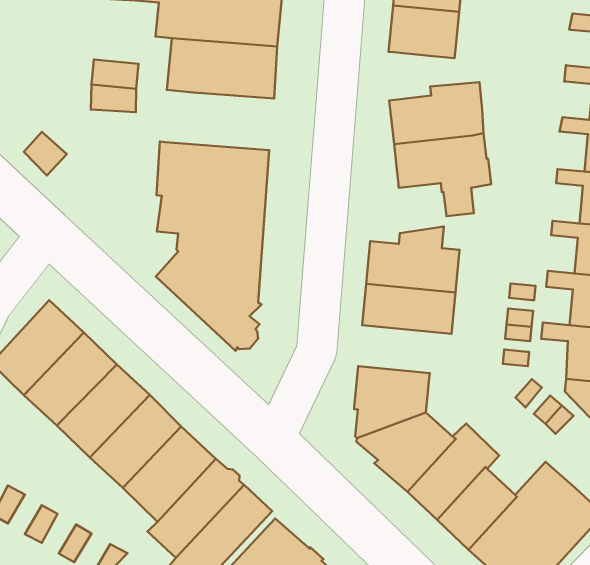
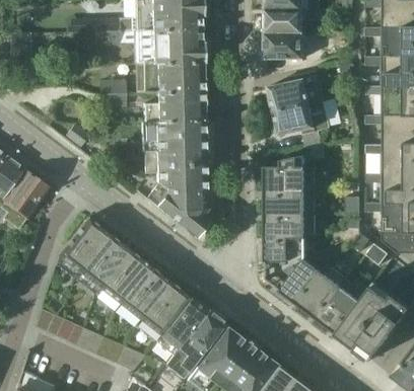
building: none -> [143,91,203,122]
building: none -> [265,214,316,238]

